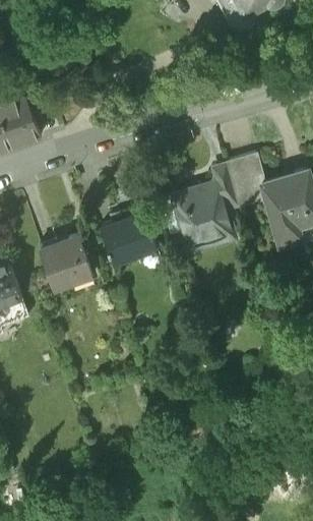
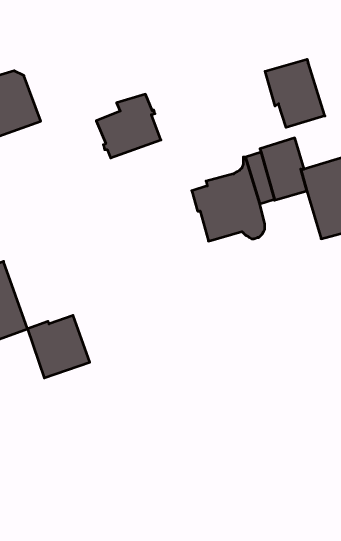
building: none -> [265,59,325,127]
building: [101,209,155,263] -> [96,94,161,158]
building: [39,239,91,292] -> [28,315,90,378]

